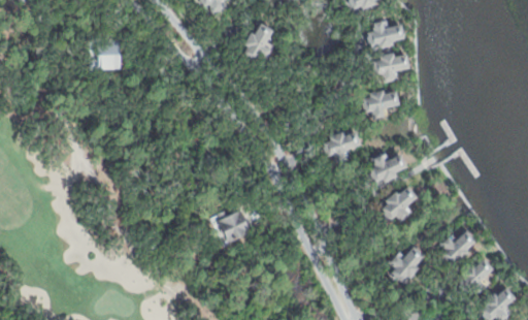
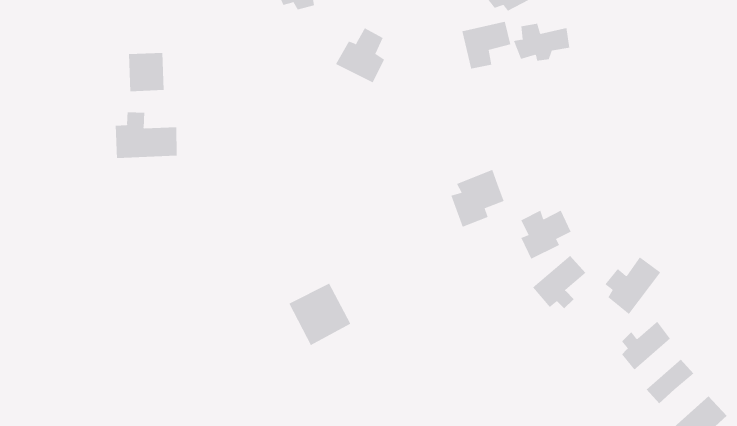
building: [373,54,408,88] -> [462,21,511,69]
building: none -> [115,112,177,159]
building: [363,89,401,122] -> none
building: [388,245,428,286] -> [604,256,661,315]

